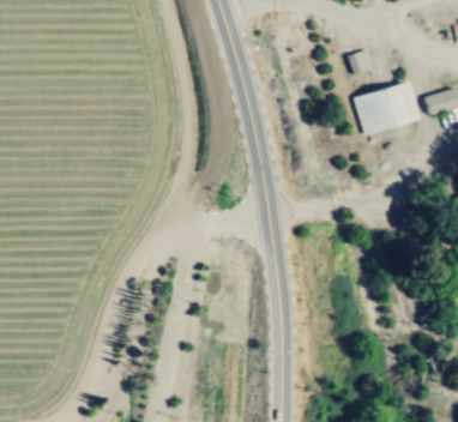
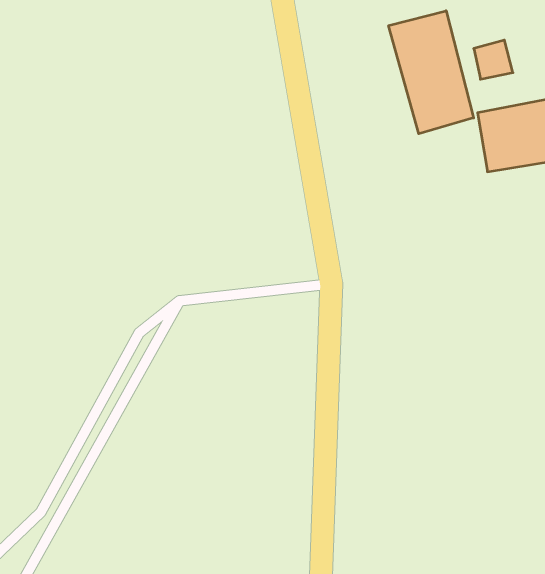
building: none -> [389,11,474,134]

